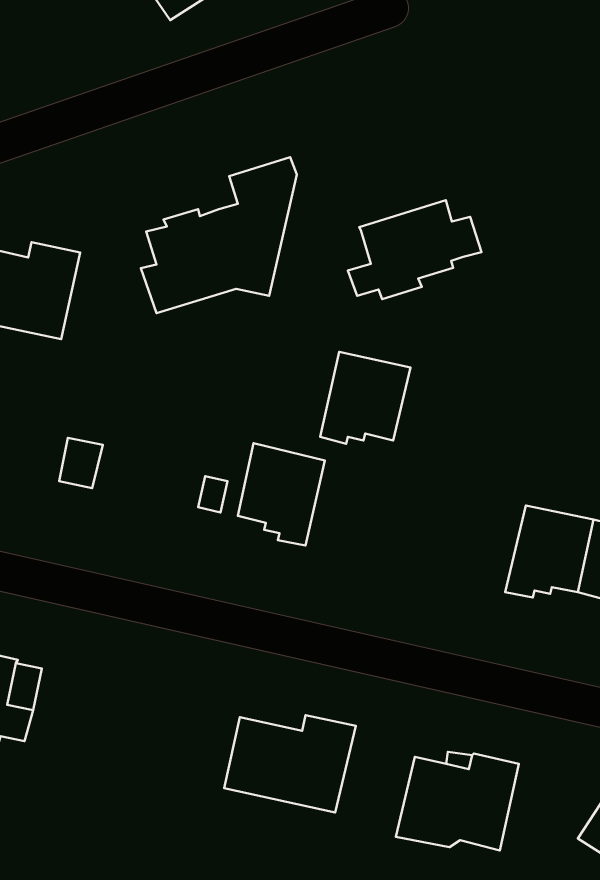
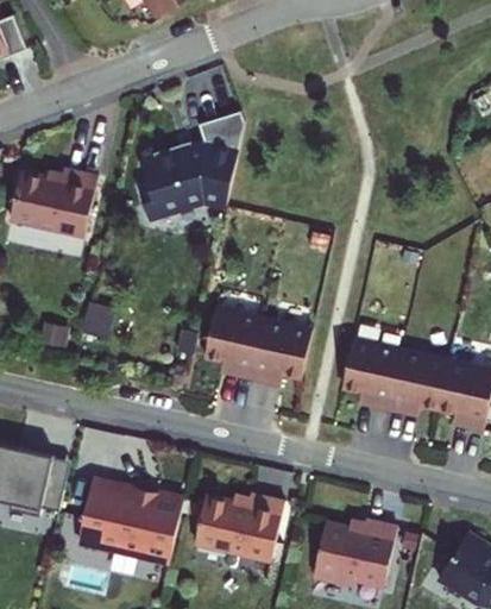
building: [348,200,482,299] -> none
building: [320,352,410,444] -> [250,319,311,382]
building: none -> [340,339,401,409]
building: none -> [77,479,183,563]

